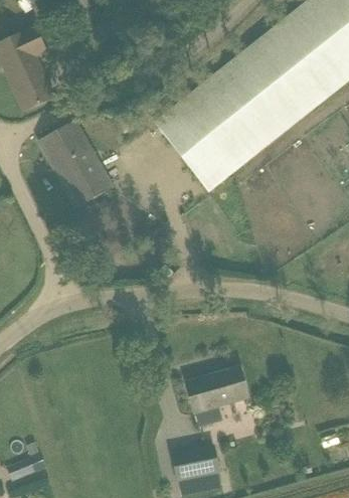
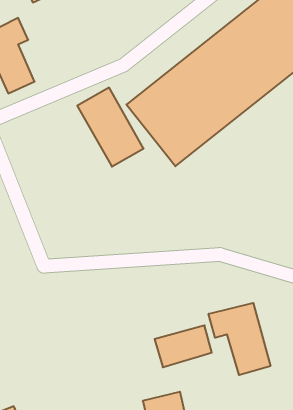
building: [39,120,113,207] -> [77,88,144,167]
building: none -> [209,303,270,375]

